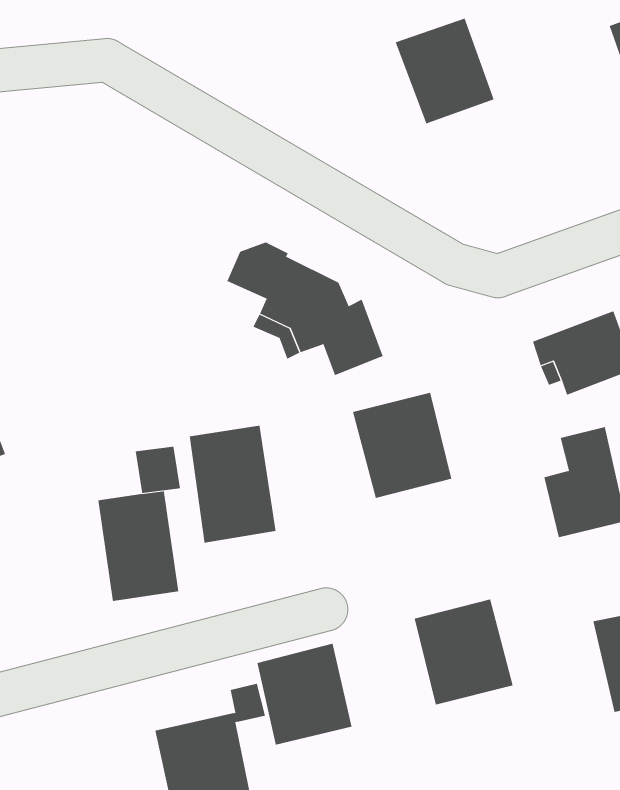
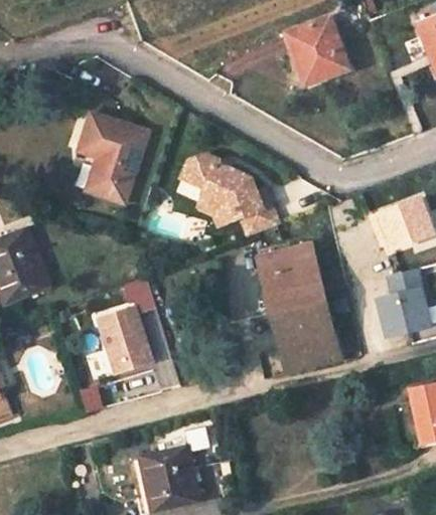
building: none -> [78,112,147,200]
building: [189,425,276,544] -> none
building: [414,599,514,705] -> [274,301,335,366]
building: [257,643,352,746] -> none

